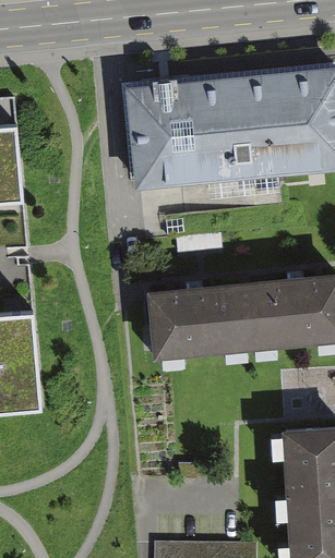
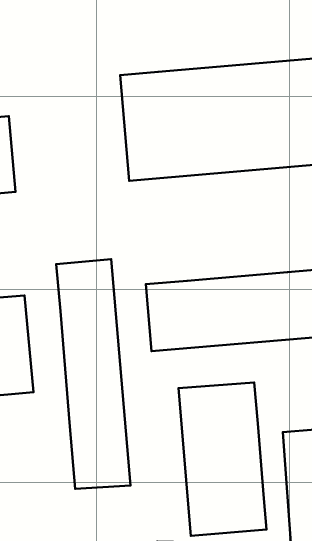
building: none -> [56,259,130,489]
building: none -> [178,382,267,536]

